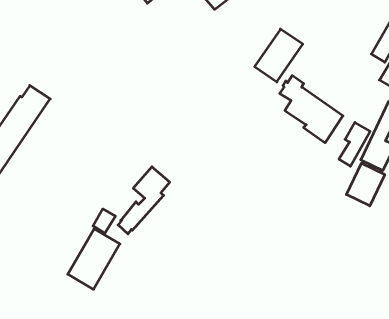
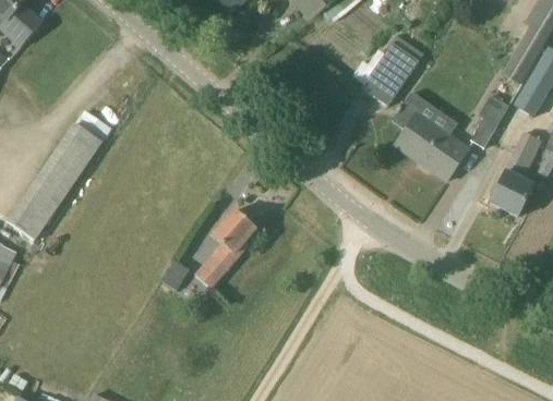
building: [339,122,370,166] -> [469,94,507,147]
building: [346,163,385,206] -> none
building: [68,229,120,289] -> none

